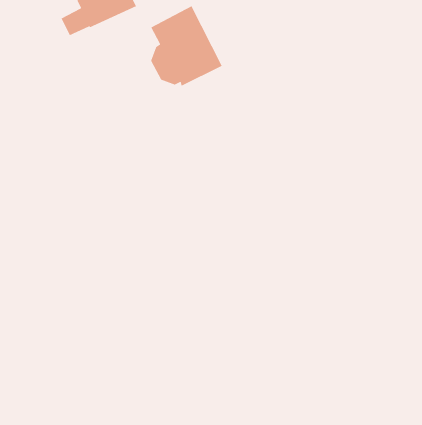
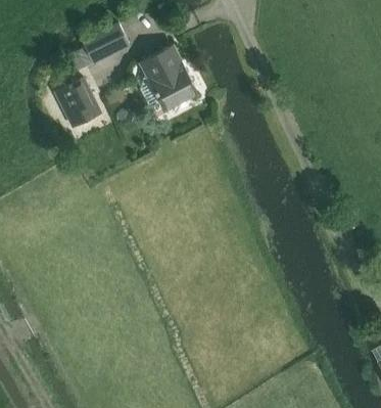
building: none -> [55,78,101,127]

